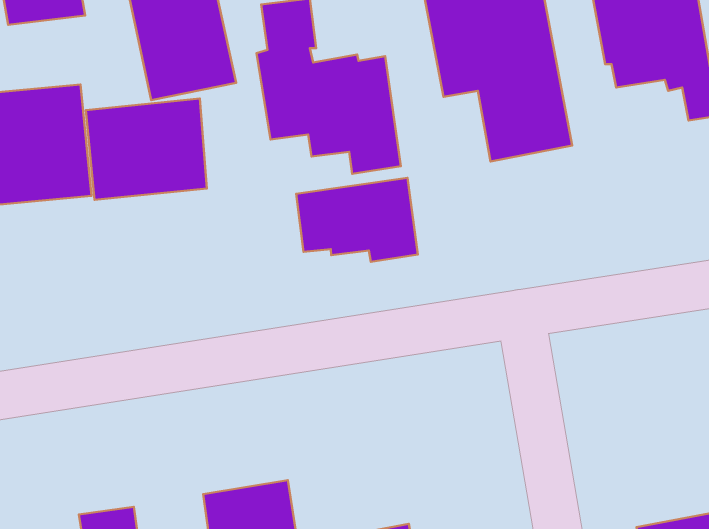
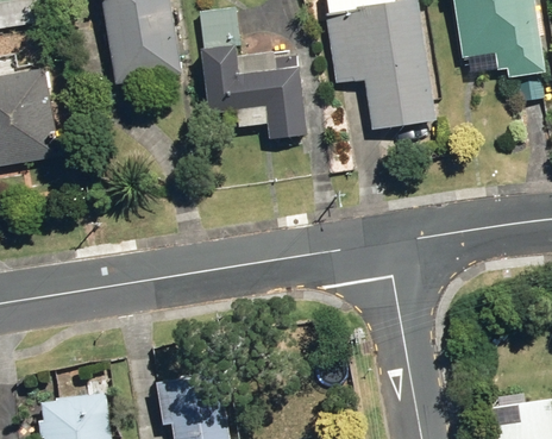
building: [86,99,207,200] -> none
building: [296,178,418,262] -> none

